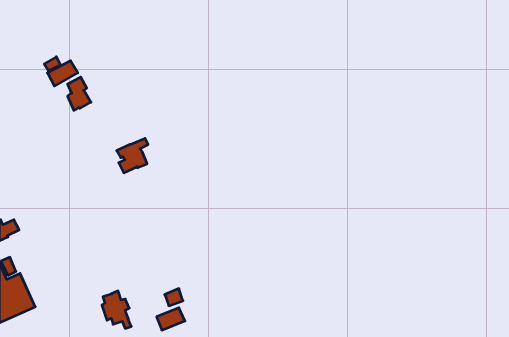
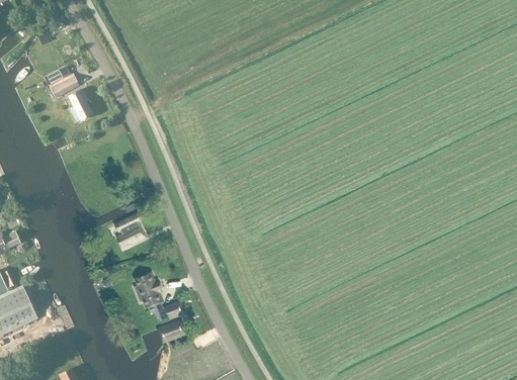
building: [117,138,148,173] -> [114,211,146,246]
building: [102,291,131,328] -> [135,272,164,309]

